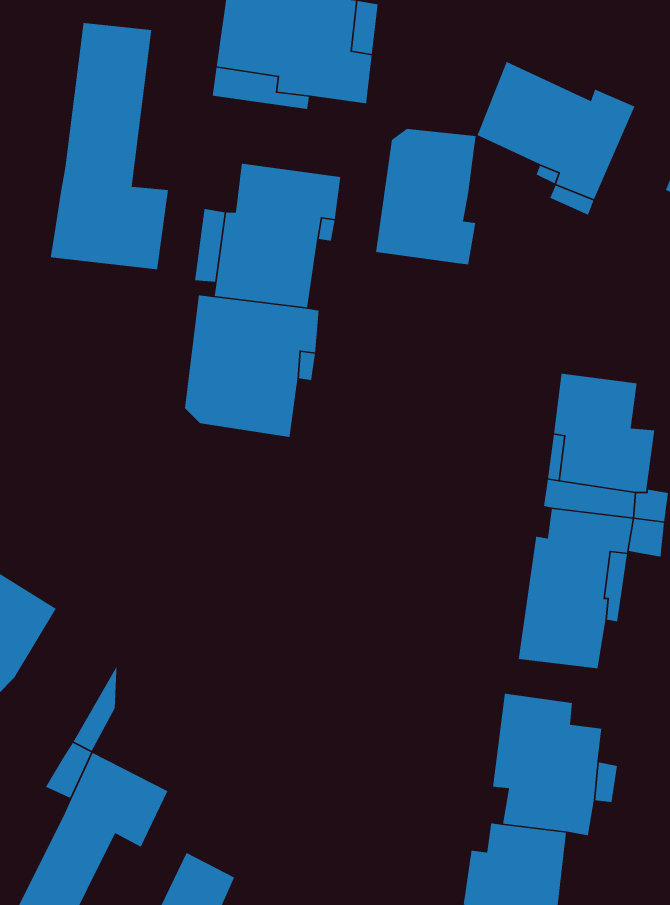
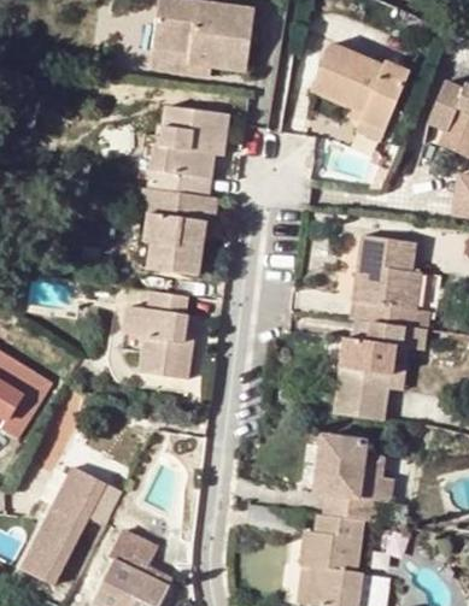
building: [50,22,169,270] -> none
building: [375,128,477,265] -> none
building: none -> [122,290,195,380]

